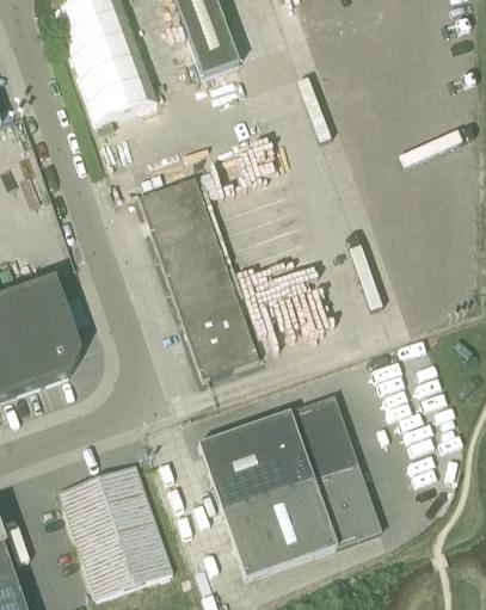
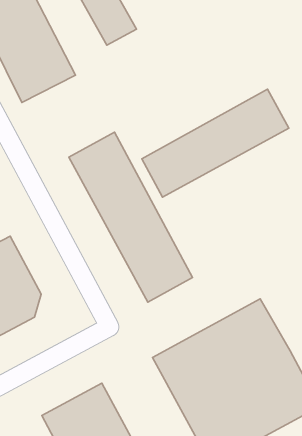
building: none -> [142,89,289,197]

